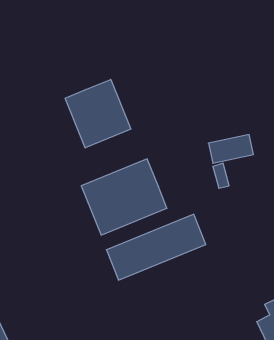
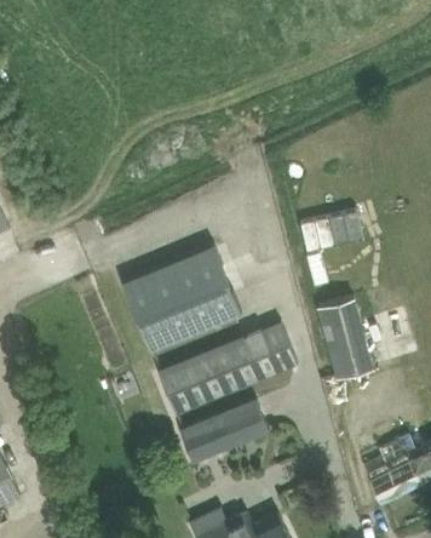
building: [65,79,131,148] -> none
building: none -> [317,298,374,380]
building: none -> [179,401,269,465]

